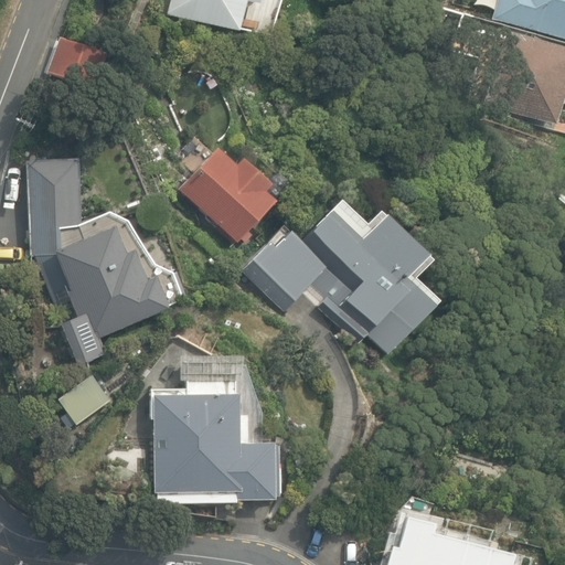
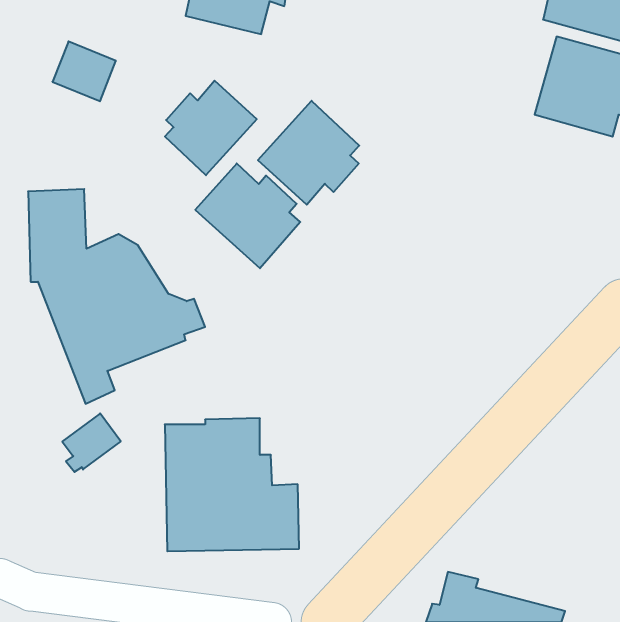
building: none -> [165,81,257,175]
building: none -> [258,101,359,205]
building: [245,213,434,353] -> none

